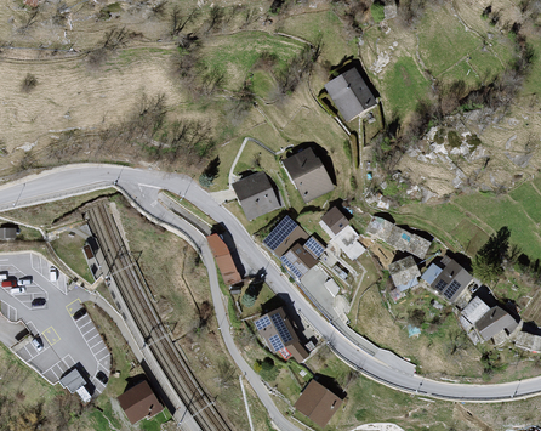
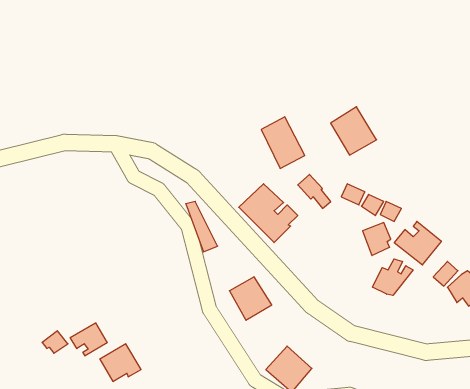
building: [328,68,375,118] -> [331,107,377,155]
building: [234,172,277,217] -> none
building: none -> [373,259,413,295]
building: none -> [70,323,107,356]

